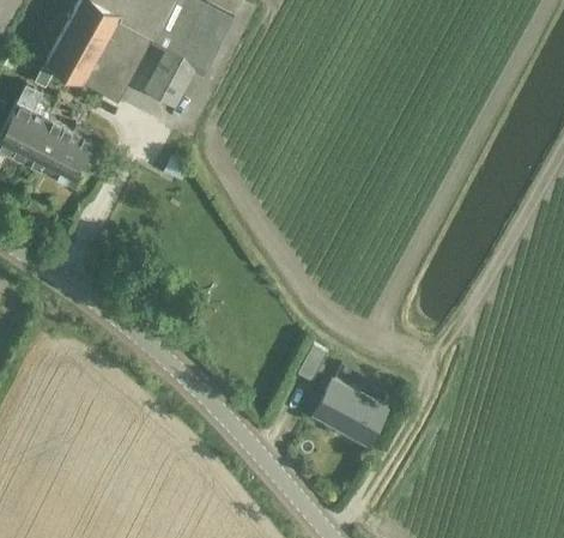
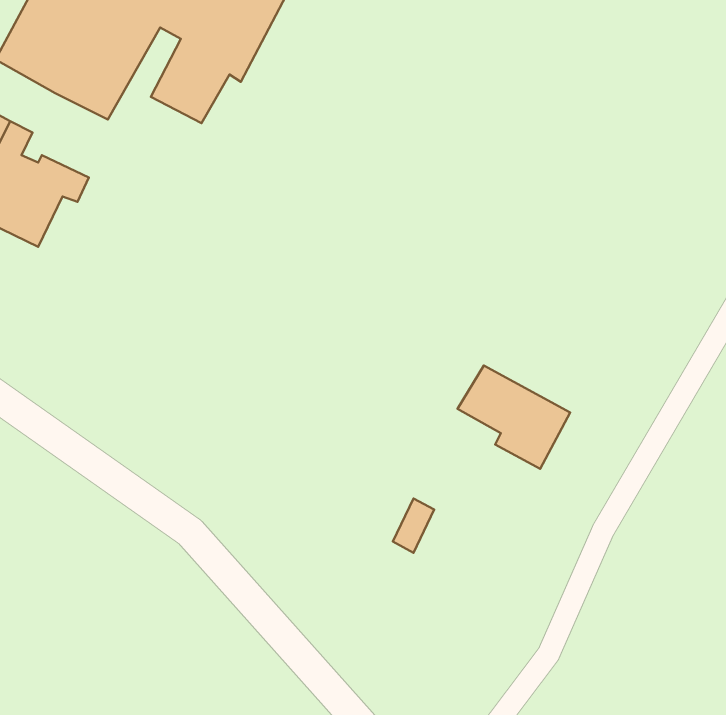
building: [316,380,388,446] -> [458,366,570,469]

